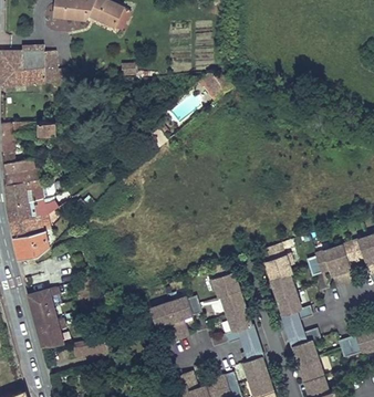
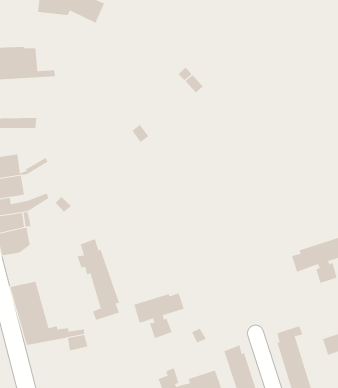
building: [263,244,311,324] -> none
building: [208,262,251,344] -> [77,239,120,320]

